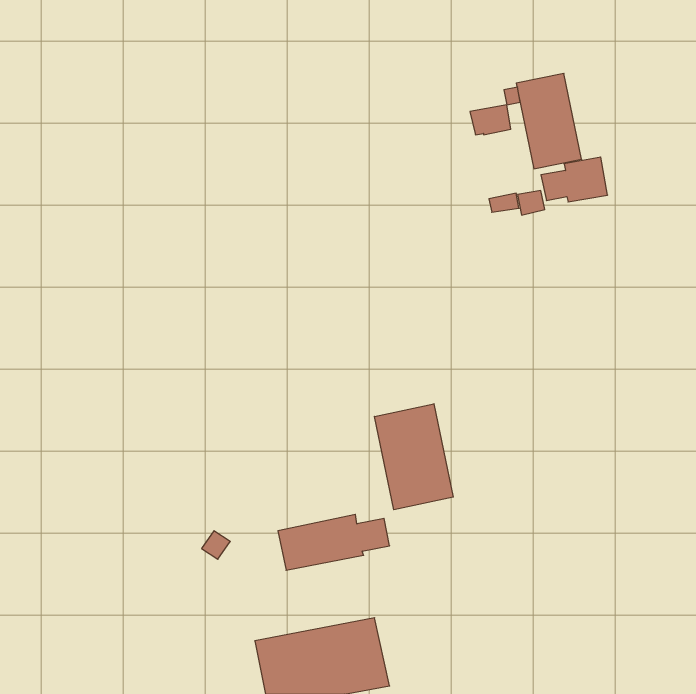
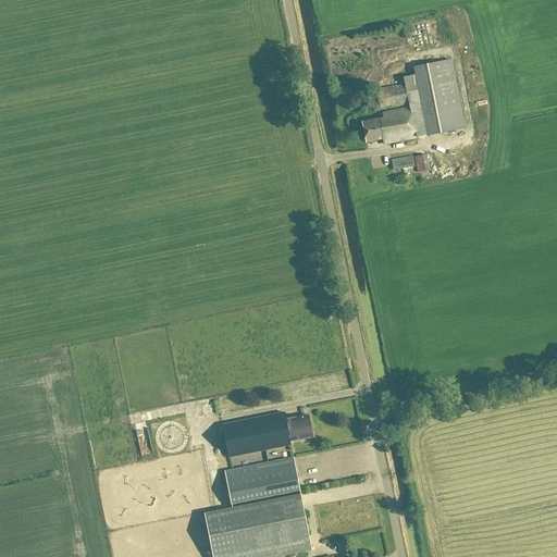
building: [541,157,608,202] -> [361,107,414,143]
building: [374,404,453,510] -> none
building: none -> [224,457,299,504]

